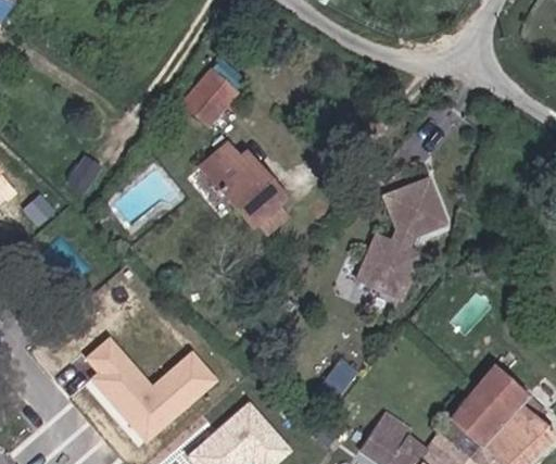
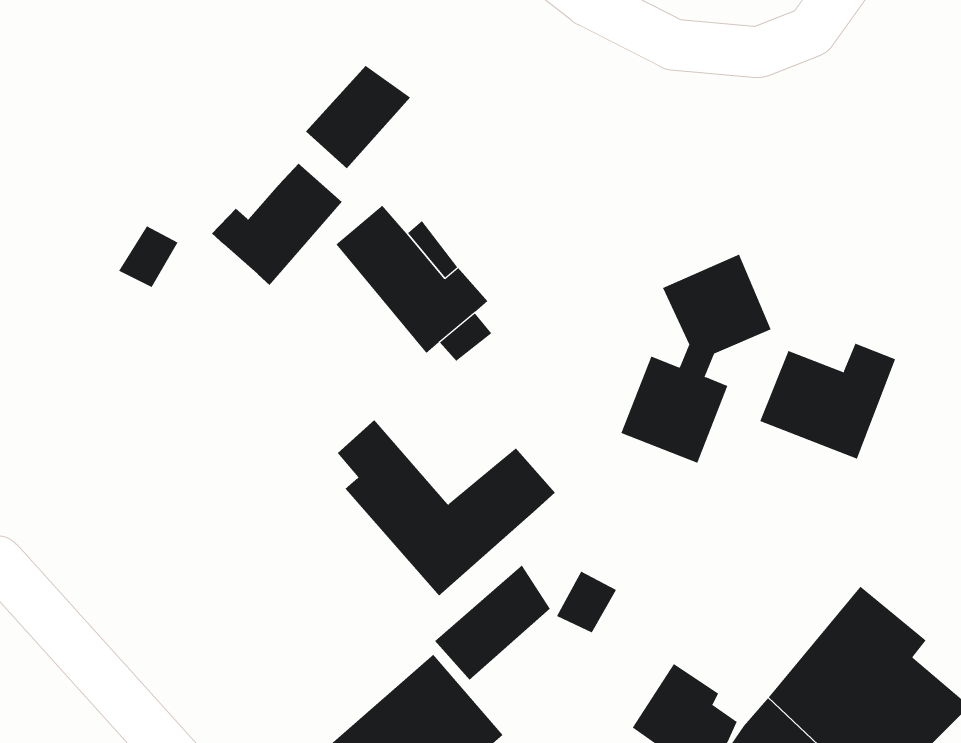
building: none -> [211,163,343,286]
building: none -> [759,343,896,460]
building: [89,340,215,442] -> [337,419,556,596]
building: none -> [434,564,550,681]

